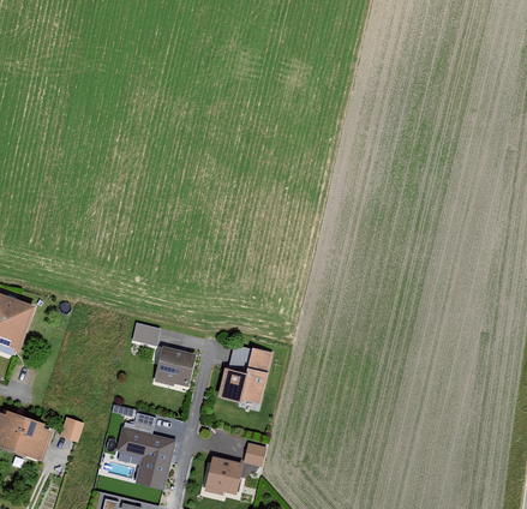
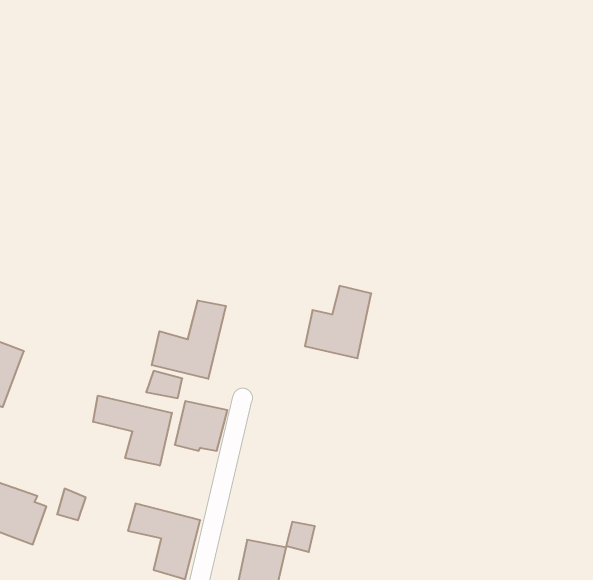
building: none -> [152,300,226,379]
building: none -> [93,396,172,466]
building: [218,348,271,406] -> [305,286,371,358]

